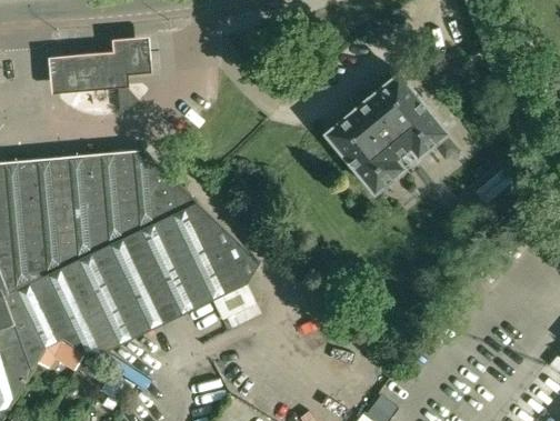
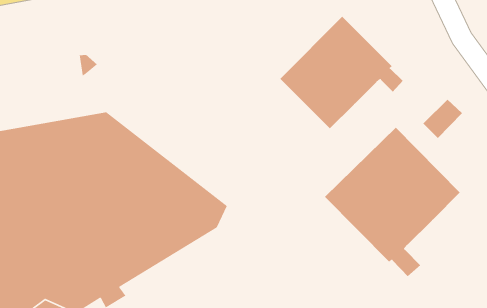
building: [46,46,140,93] -> none
building: none -> [324,127,461,277]

